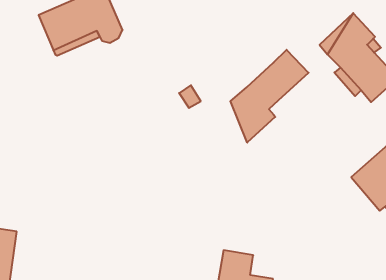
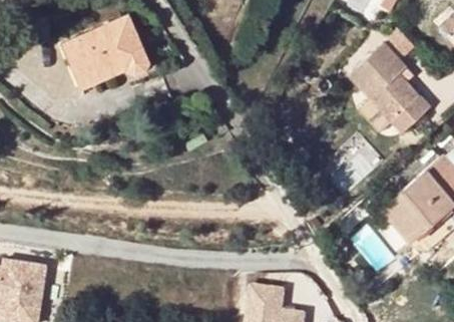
building: [230,50,309,143] -> none

